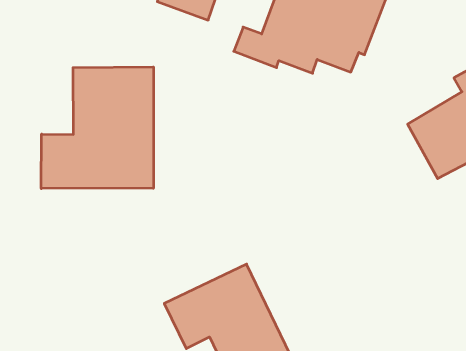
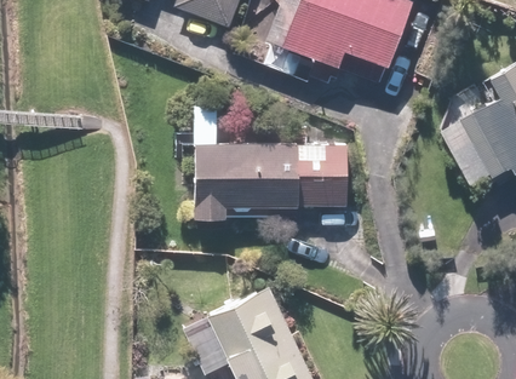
building: [41,67,153,189] -> none
building: none -> [194,111,348,219]

